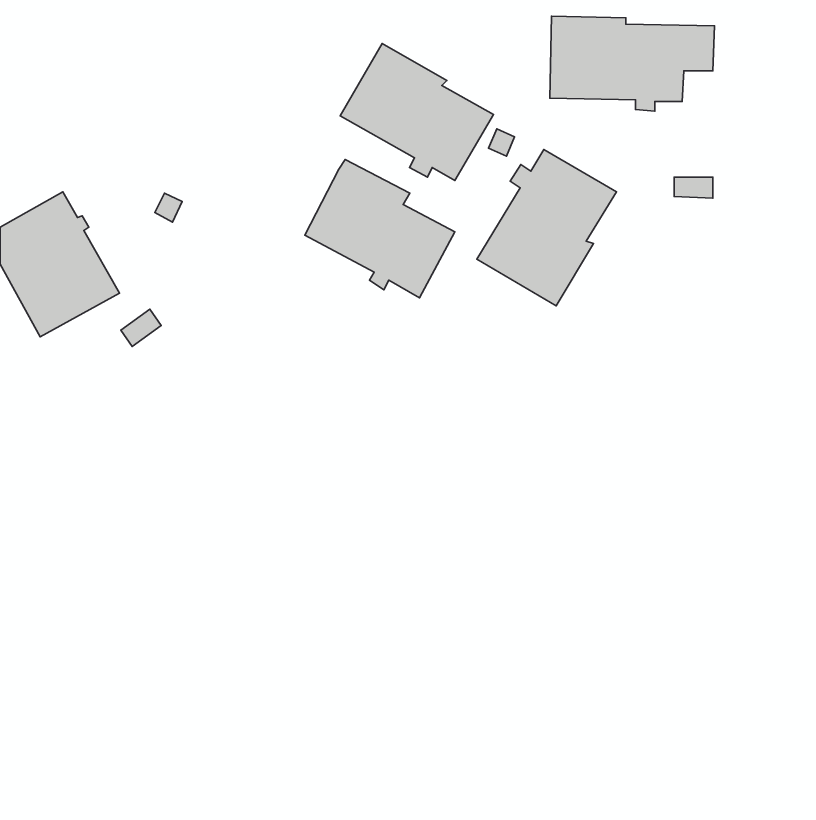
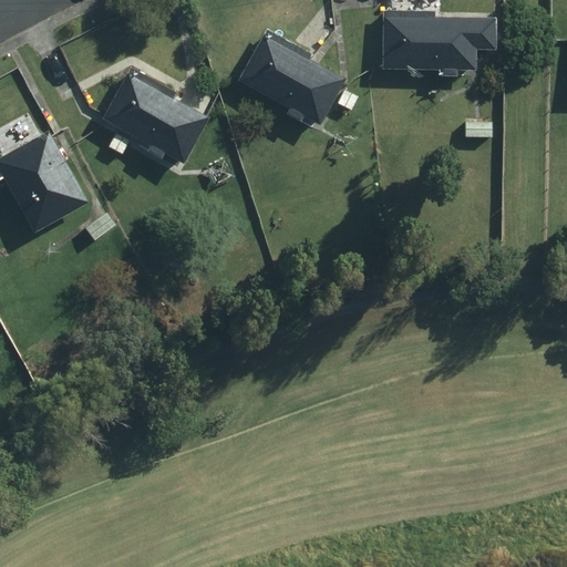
building: [477,149,617,306] -> none
building: [305,159,455,298] -> [104,69,207,164]

